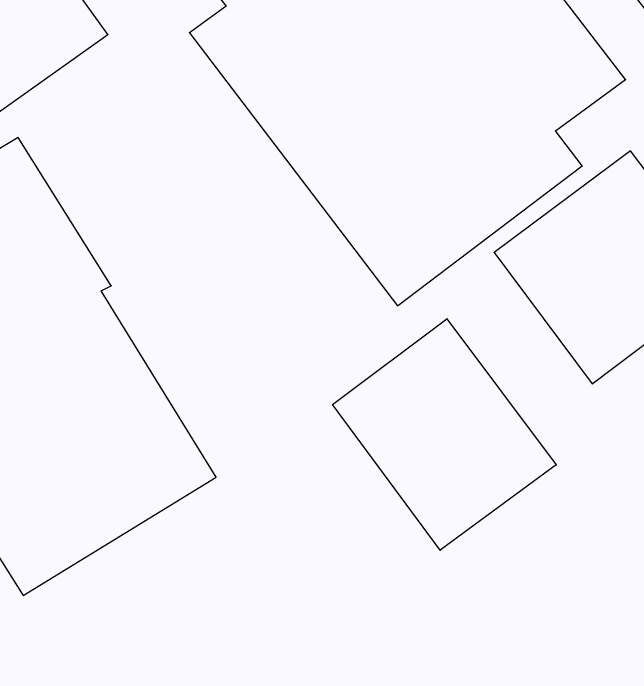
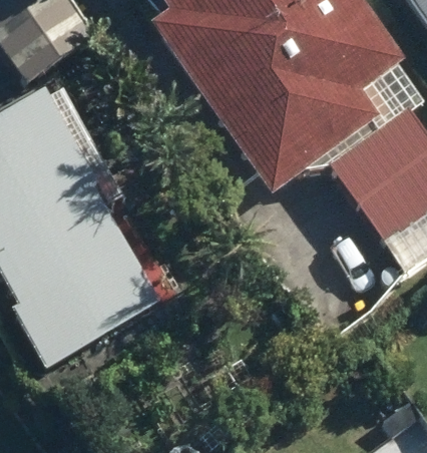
building: [333,319,556,550] -> none

